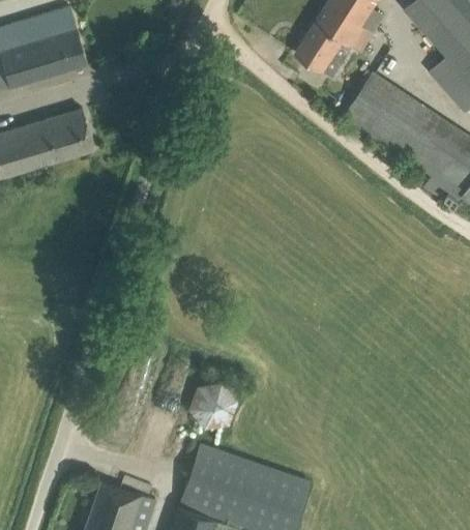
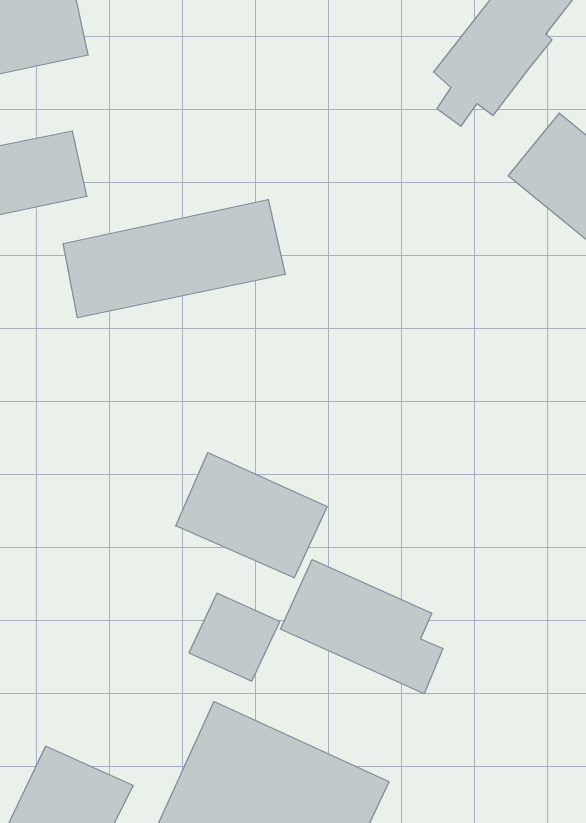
building: none -> [63,199,285,318]
building: none -> [176,453,327,578]
building: none -> [281,560,443,694]

